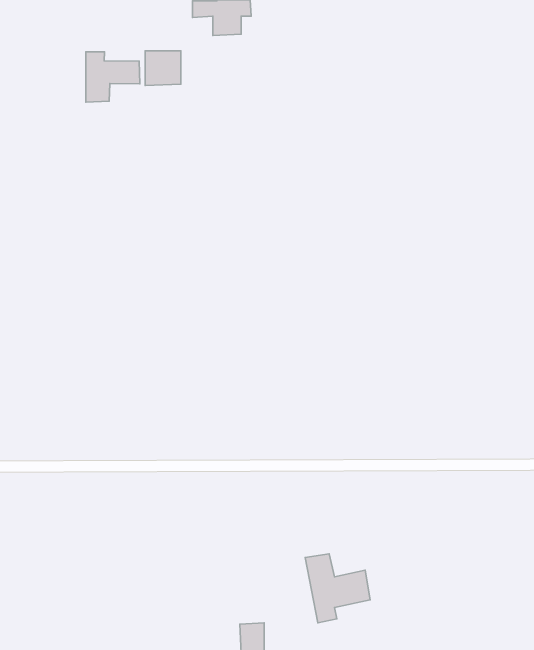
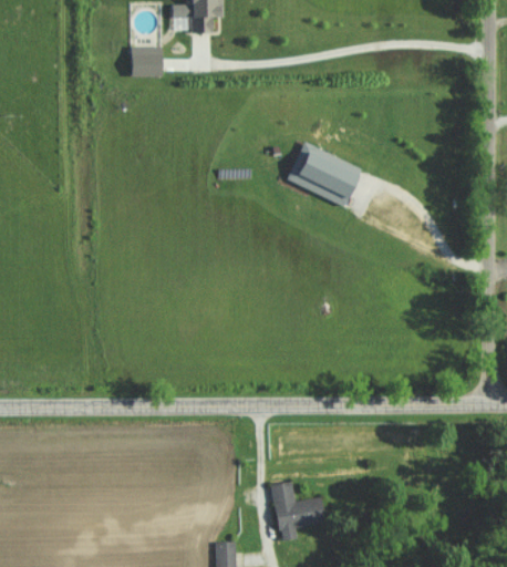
building: [86,52,140,102] -> none
building: none -> [287,142,363,206]

